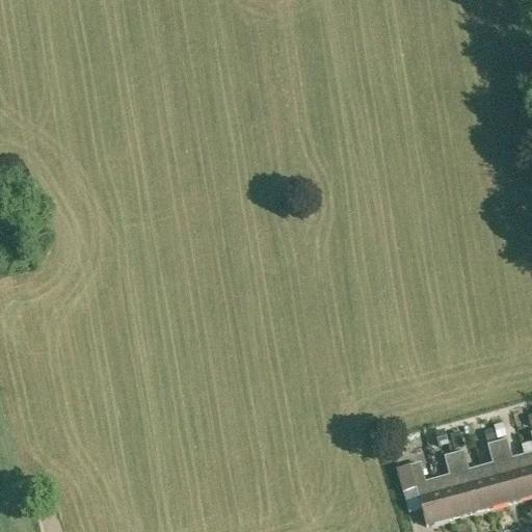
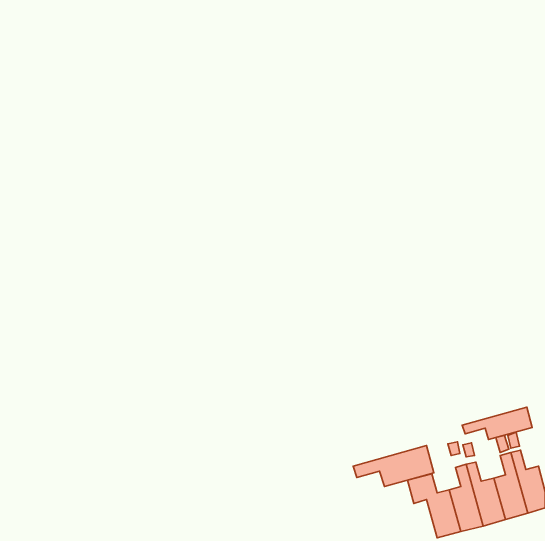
building: none -> [462,407,532,440]
building: none -> [353,446,434,487]

